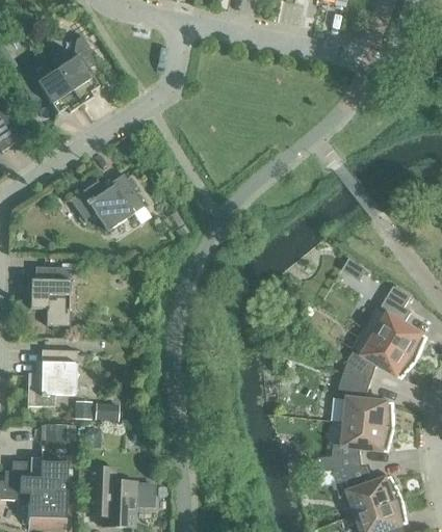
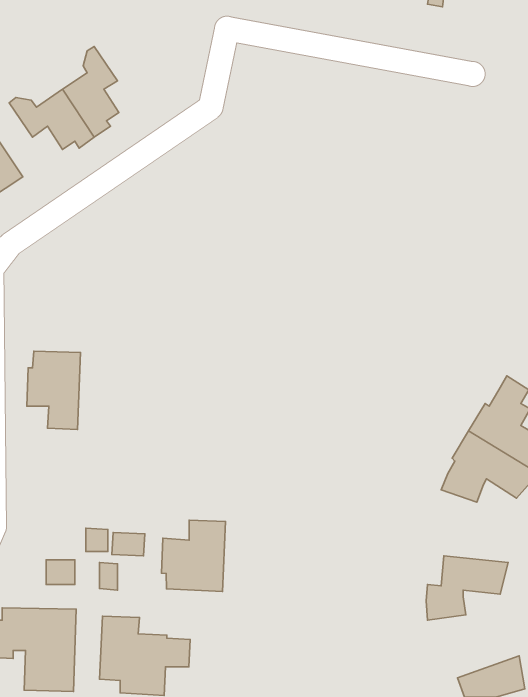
building: [68,172,145,231] -> none
building: [26,349,76,406] -> none
building: [338,371,394,426] -> none
building: none -> [161,520,225,591]
building: [333,466,402,513] -> none

